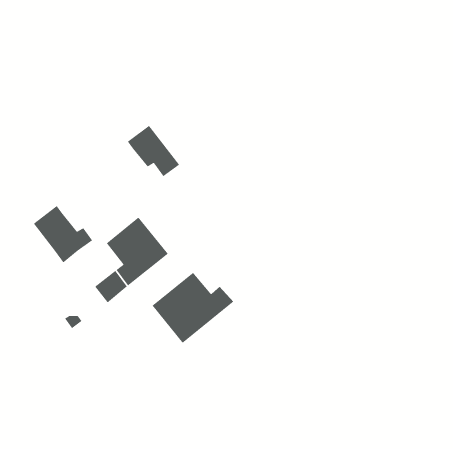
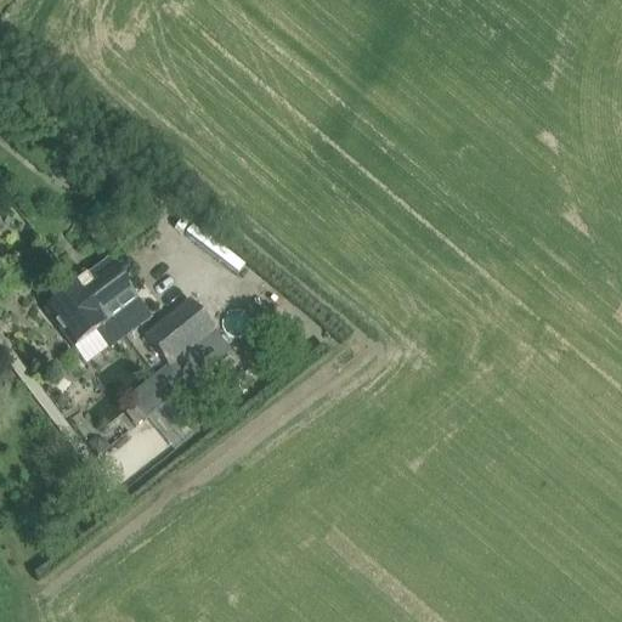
building: [127,125,180,177] -> [79,258,152,329]
building: [152,272,234,344] -> none

